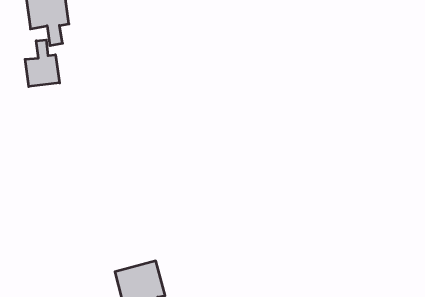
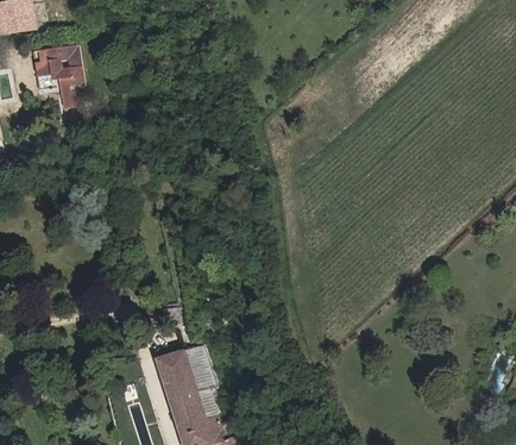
building: [25,40,60,87] -> none

